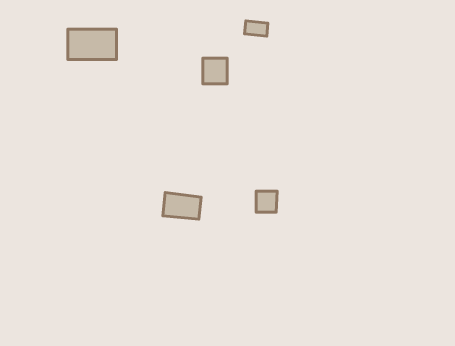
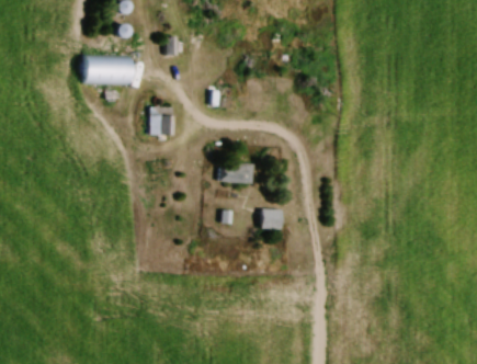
building: none -> [149,105,171,134]
building: [163,192,201,219] -> [218,159,254,184]

